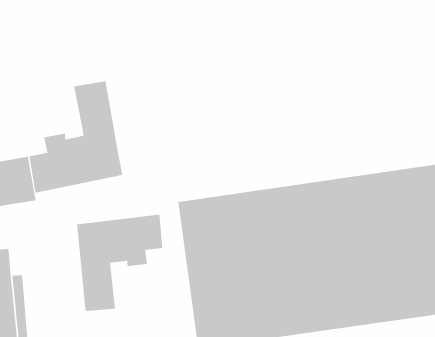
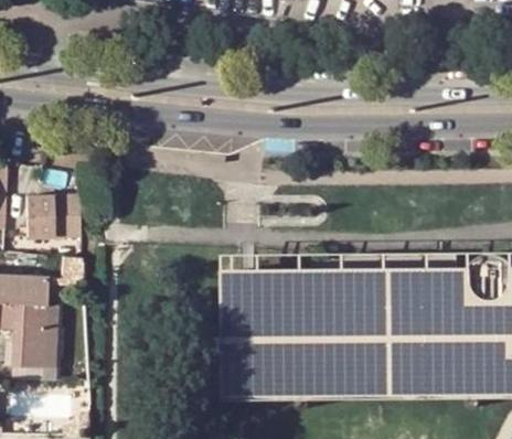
building: [29,80,123,193] -> none
building: [76,214,163,312] -> none

